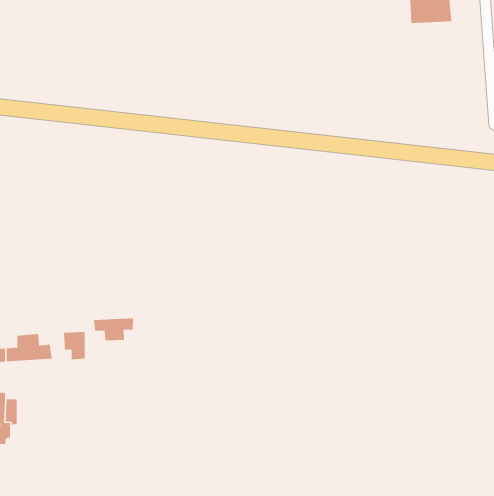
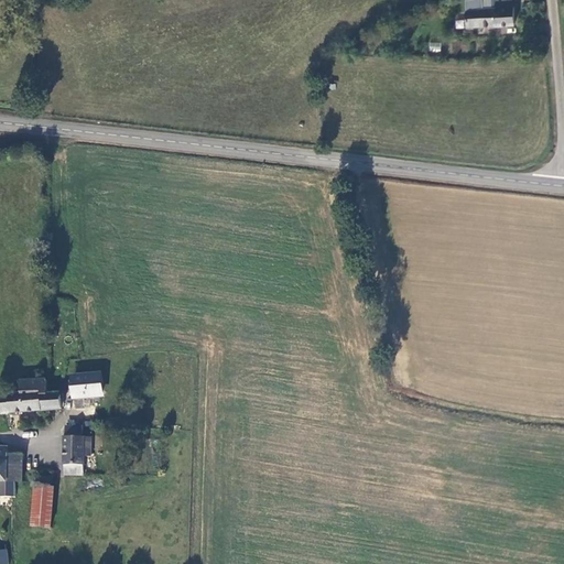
building: [94,317,133,341] -> none
building: none -> [64,434,88,473]
building: none -> [30,485,53,528]

